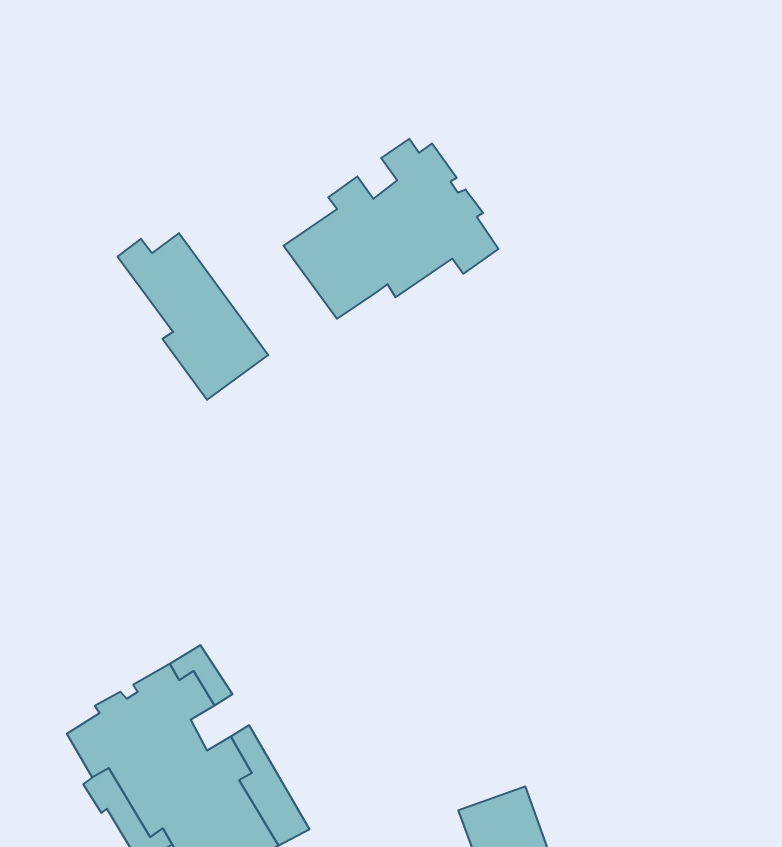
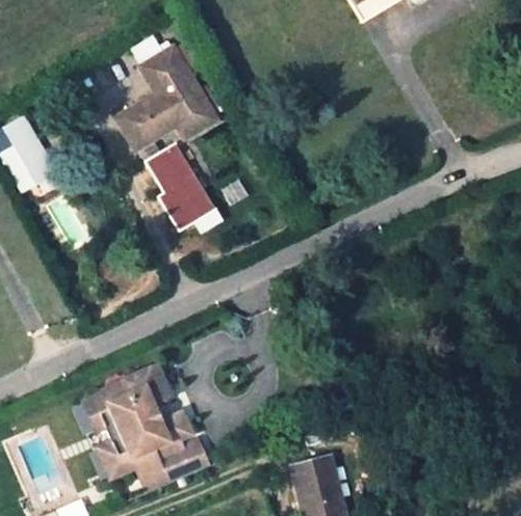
building: none -> [121,48,215,146]
building: [283,139,498,319] -> none

